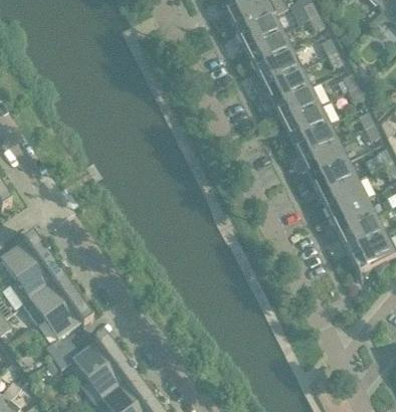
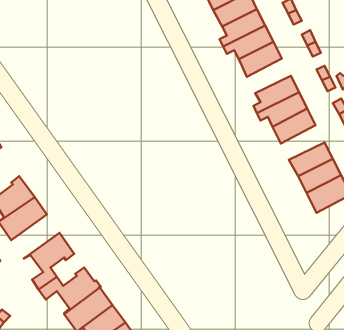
building: [281,104,330,142] -> none
building: [319,177,367,215] -> none
building: [22,275,76,324] -> none

